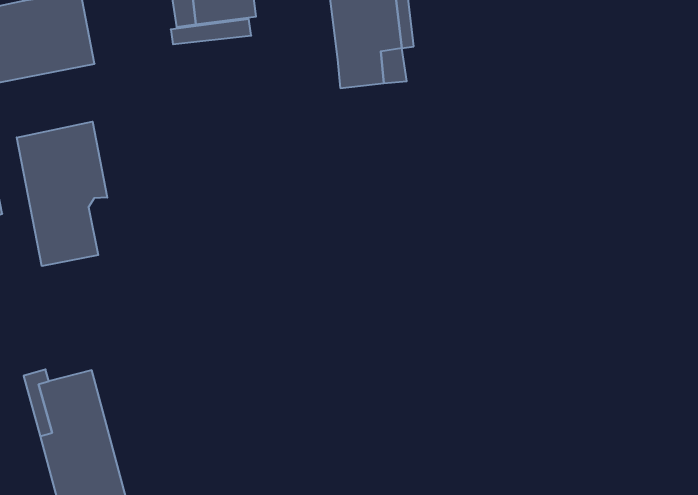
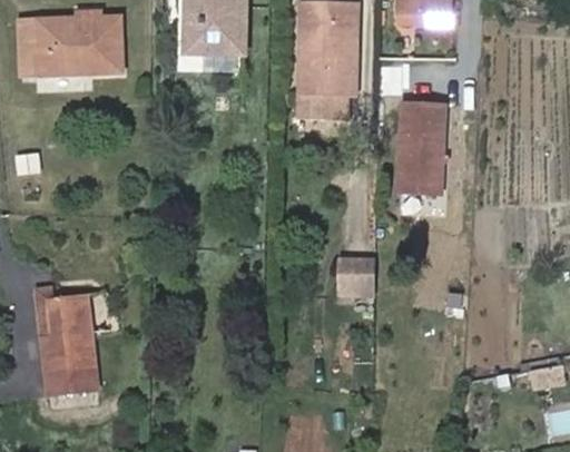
building: none -> [397,105,444,190]
building: [17,122,107,266] -> none
building: none -> [344,256,373,292]

